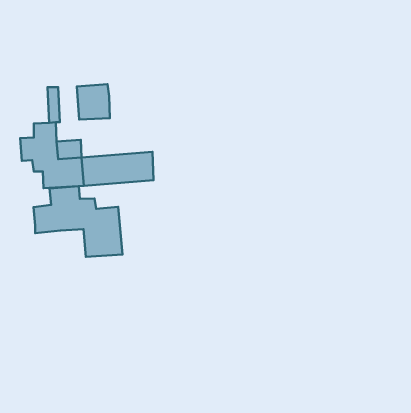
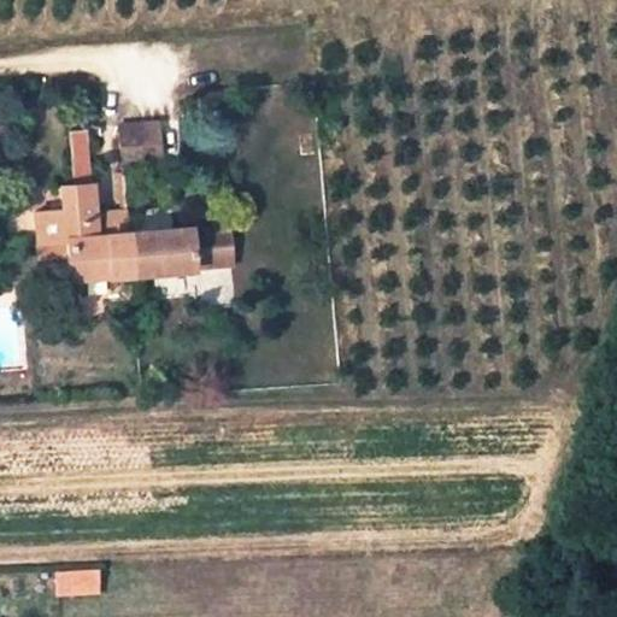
building: [33,186,122,257] -> none
building: none -> [55,569,104,598]

